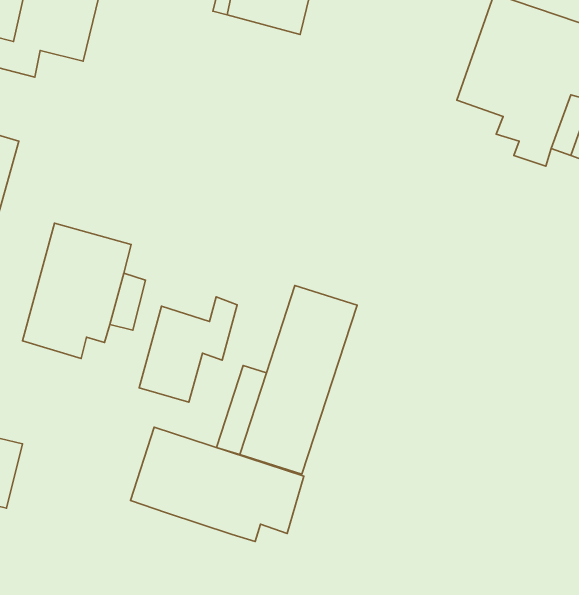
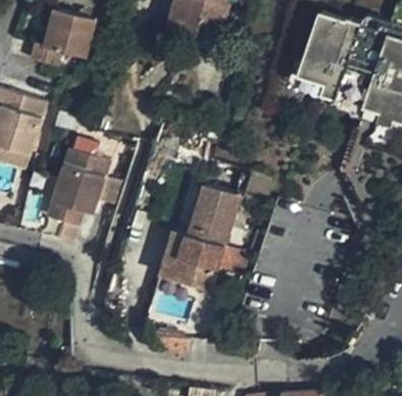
building: [139,297,237,402] -> none
building: [131,427,304,541] -> none

